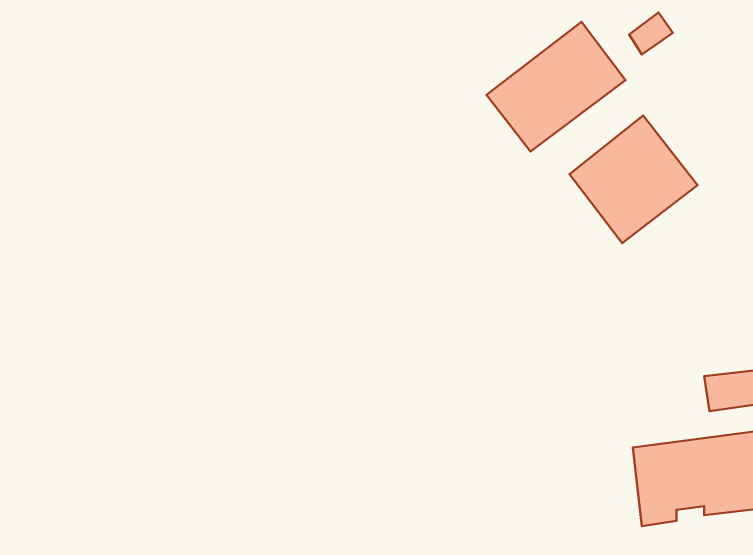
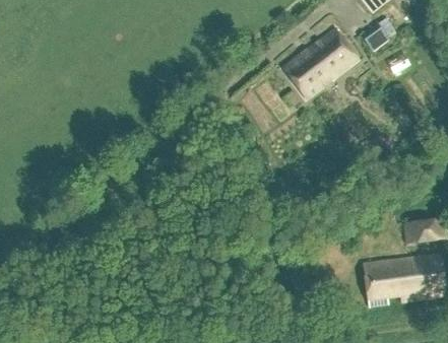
building: [569,115,698,243] -> none

